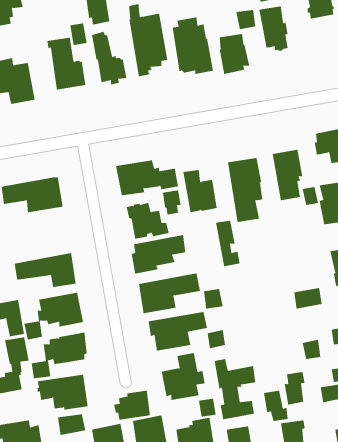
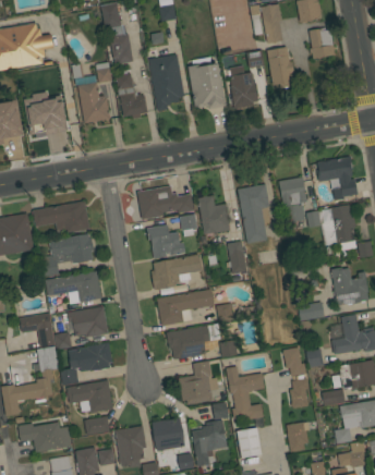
building: none -> [40,233,93,277]
building: [114,390,151,421] -> none
building: [263,390,288,422] -> [282,348,305,376]

